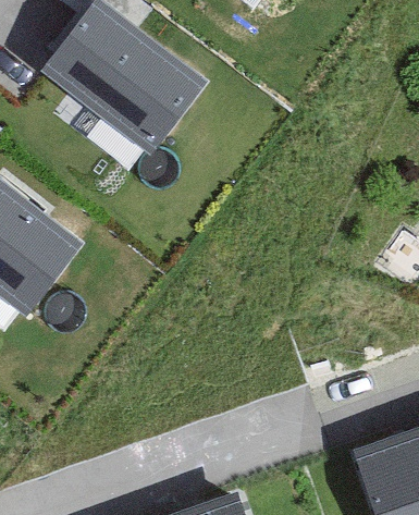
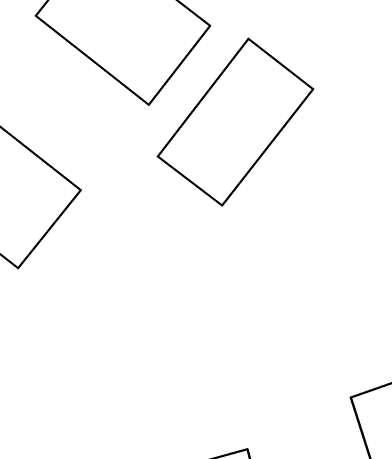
building: none -> [158,39,313,206]

